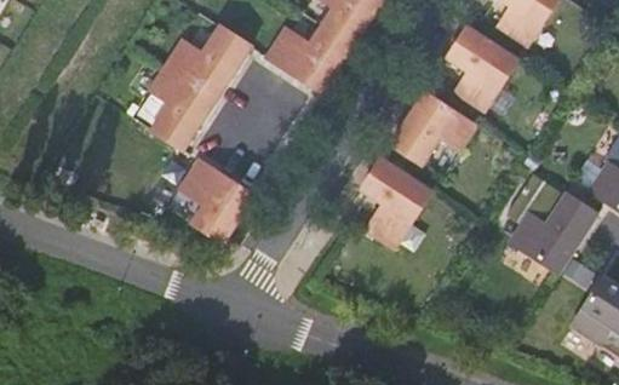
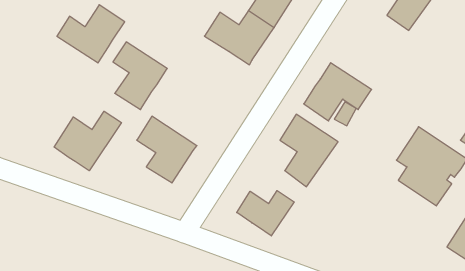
building: [165,25,251,99] -> [57,5,125,63]
building: [446,25,521,117] -> none
building: none -> [54,111,121,171]
building: none -> [237,191,294,236]

